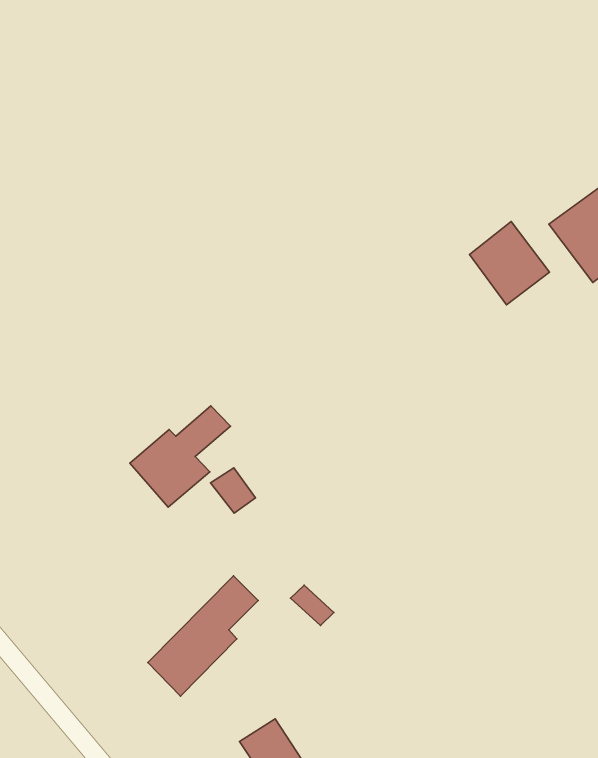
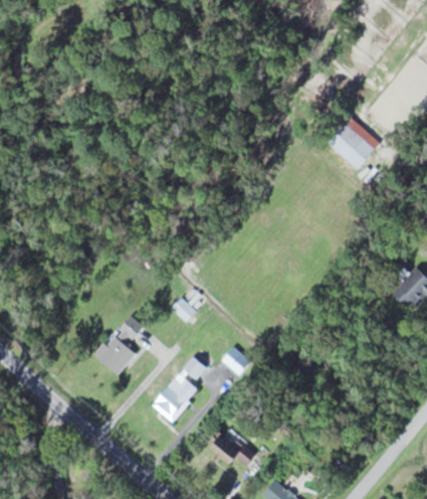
building: [470,221,550,305] -> none
building: [130,406,230,507] -> [92,318,143,375]

